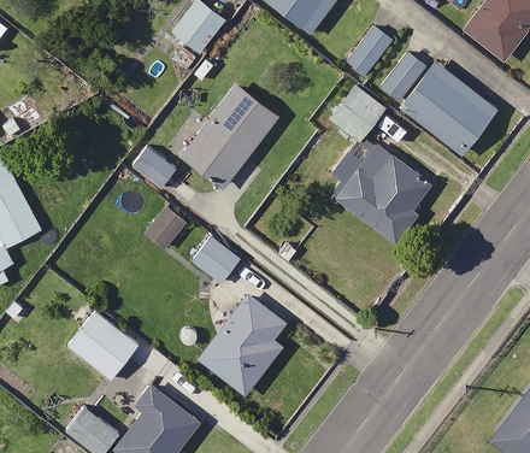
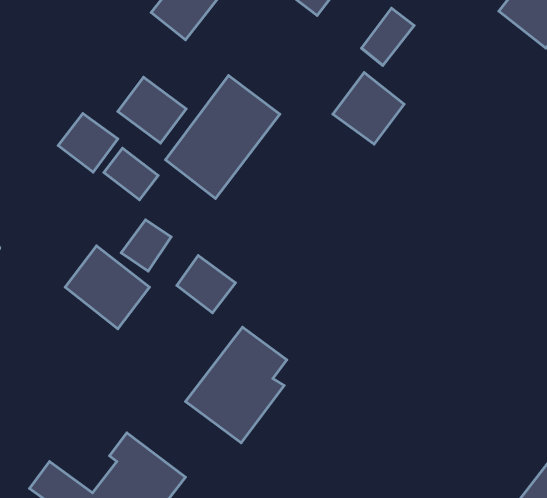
building: [381,53,495,153] -> none
building: none -> [118,77,186,143]
building: none -> [58,114,118,172]
building: [326,137,431,240] -> none
building: [66,310,137,380] -> [65,246,149,329]

